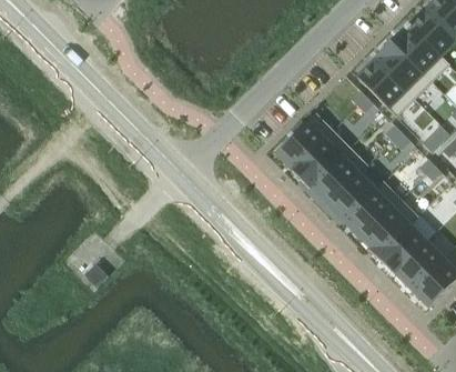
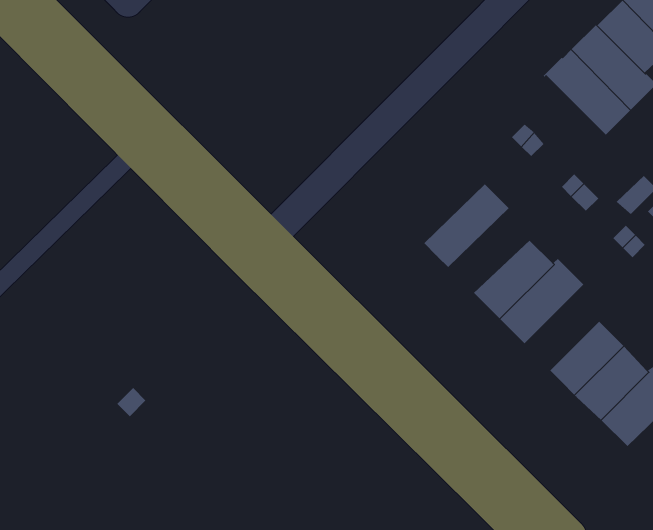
building: [355,58,414,115] -> none
building: [274,112,333,170] -> none
building: [308,147,367,203] -> none
building: [359,198,417,255] -> none

